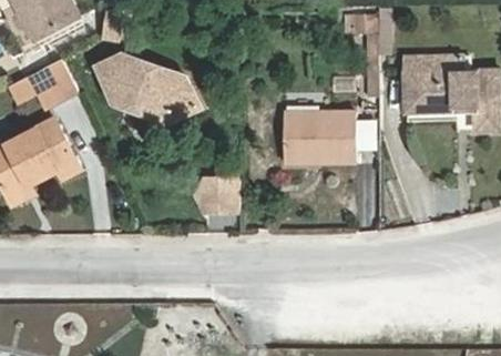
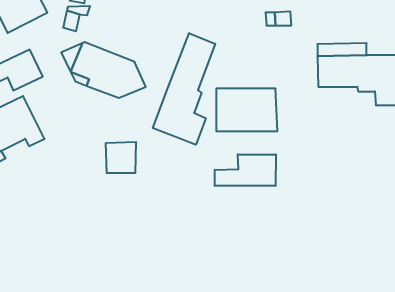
building: none -> [153,33,215,145]
building: [203,174,239,211] -> [106,142,136,173]
building: none -> [215,154,276,186]

